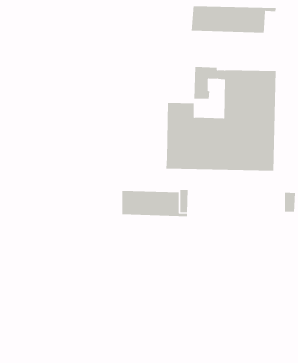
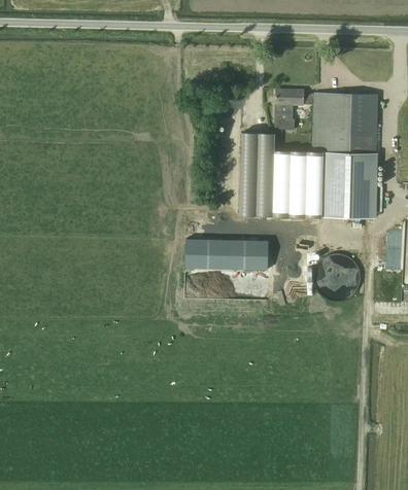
building: [191,6,276,34] -> none
building: none -> [315,254,363,302]

